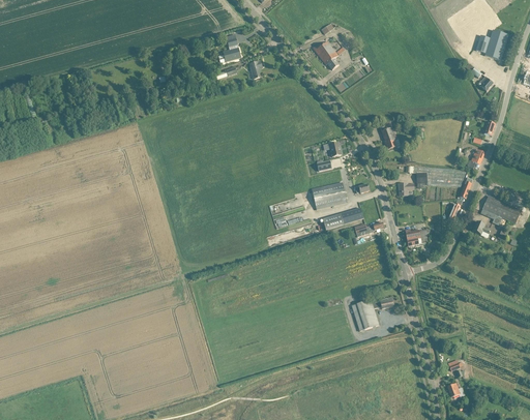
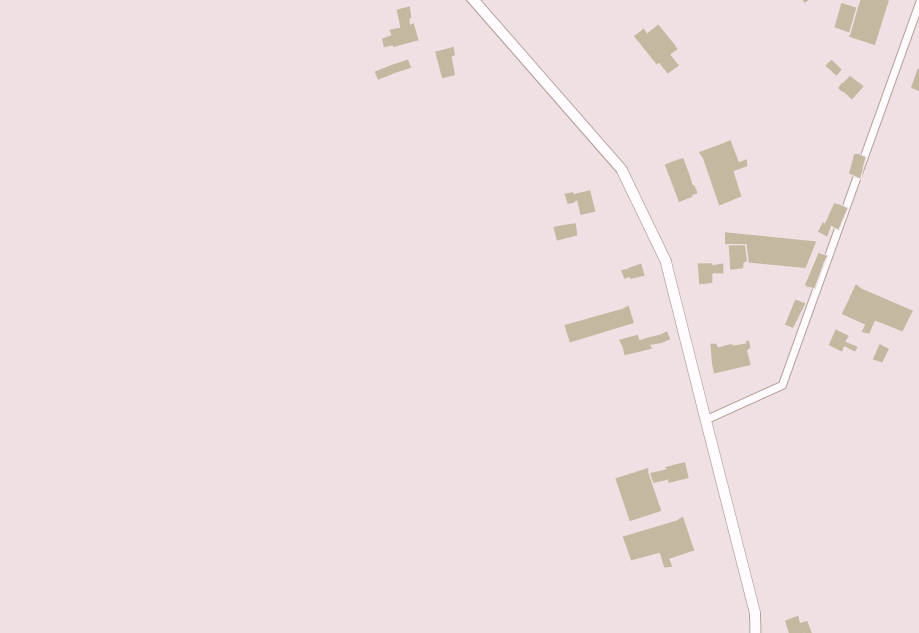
building: [312,40,338,69] -> [633,23,680,75]
building: none -> [698,139,748,206]
building: [311,182,346,209] -> none
building: none -> [622,516,695,568]

